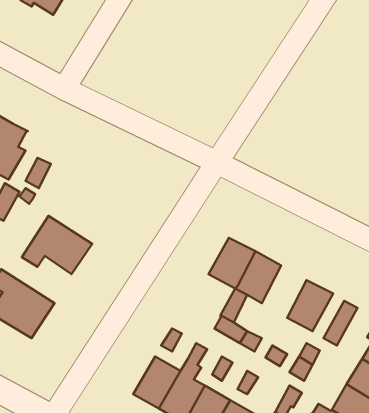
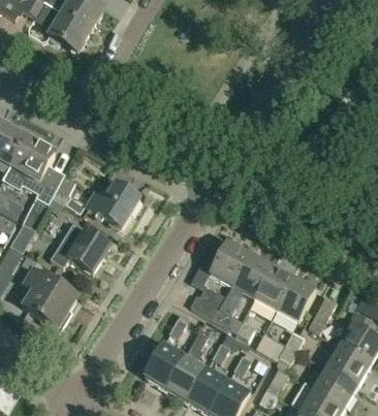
building: none -> [88,184,140,226]
building: none -> [255,264,293,309]
building: none -> [191,285,226,318]

